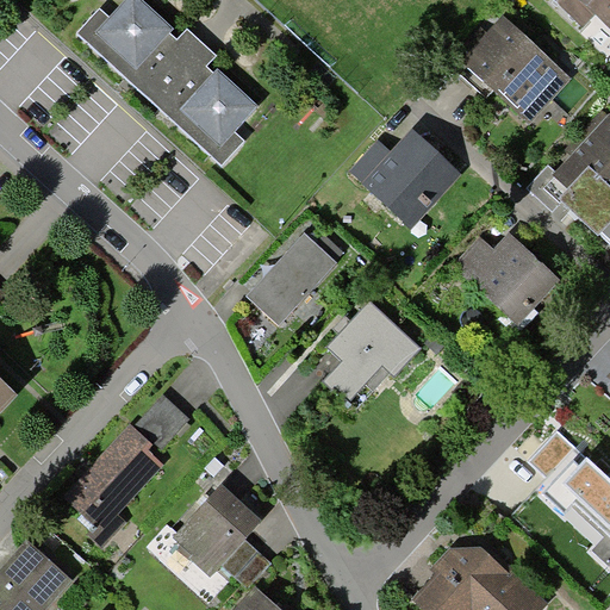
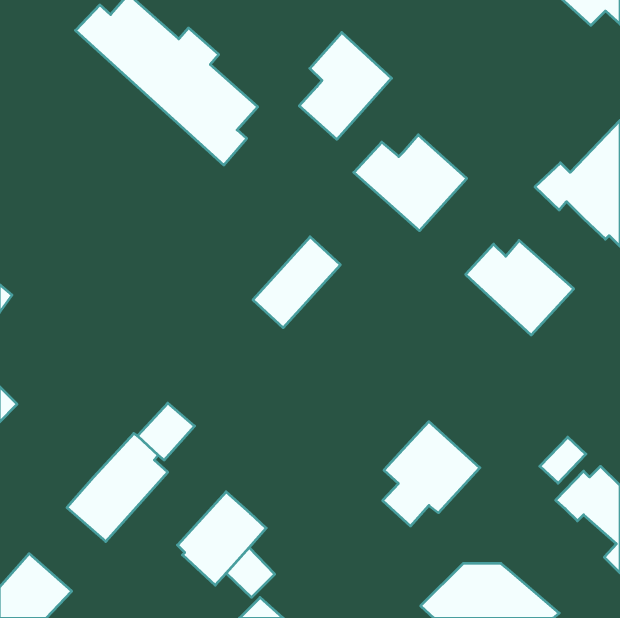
building: [461,18,568,122] -> none
building: none -> [299,32,392,139]
building: [320,299,416,402] -> [383,422,480,526]

